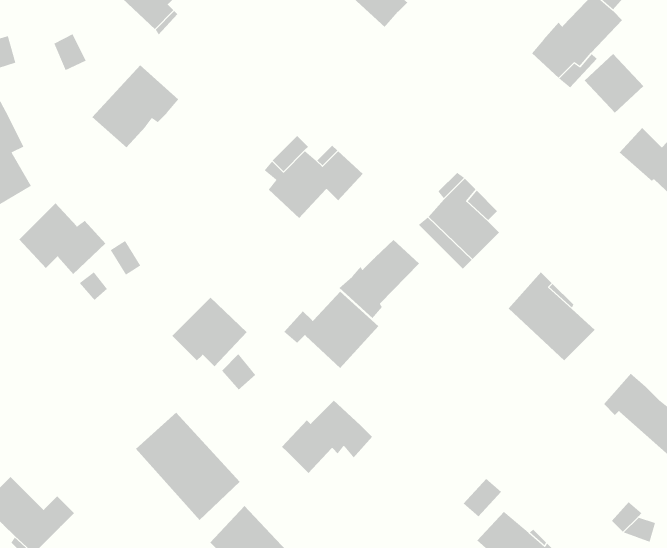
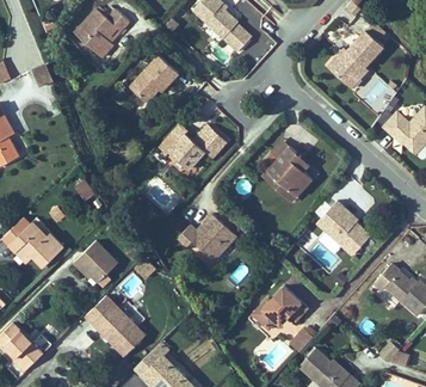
building: [92,64,179,148] -> [130,51,184,103]
building: [19,203,106,275] -> [10,226,63,270]
building: [339,239,420,319] -> none
building: [172,297,248,367] -> [69,240,116,283]
building: [281,400,373,474] -> [249,284,305,330]

